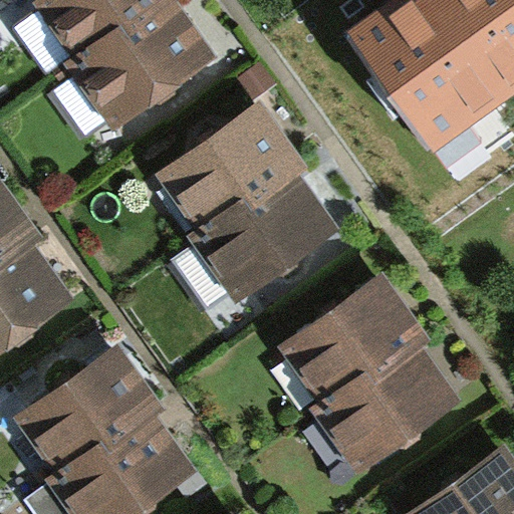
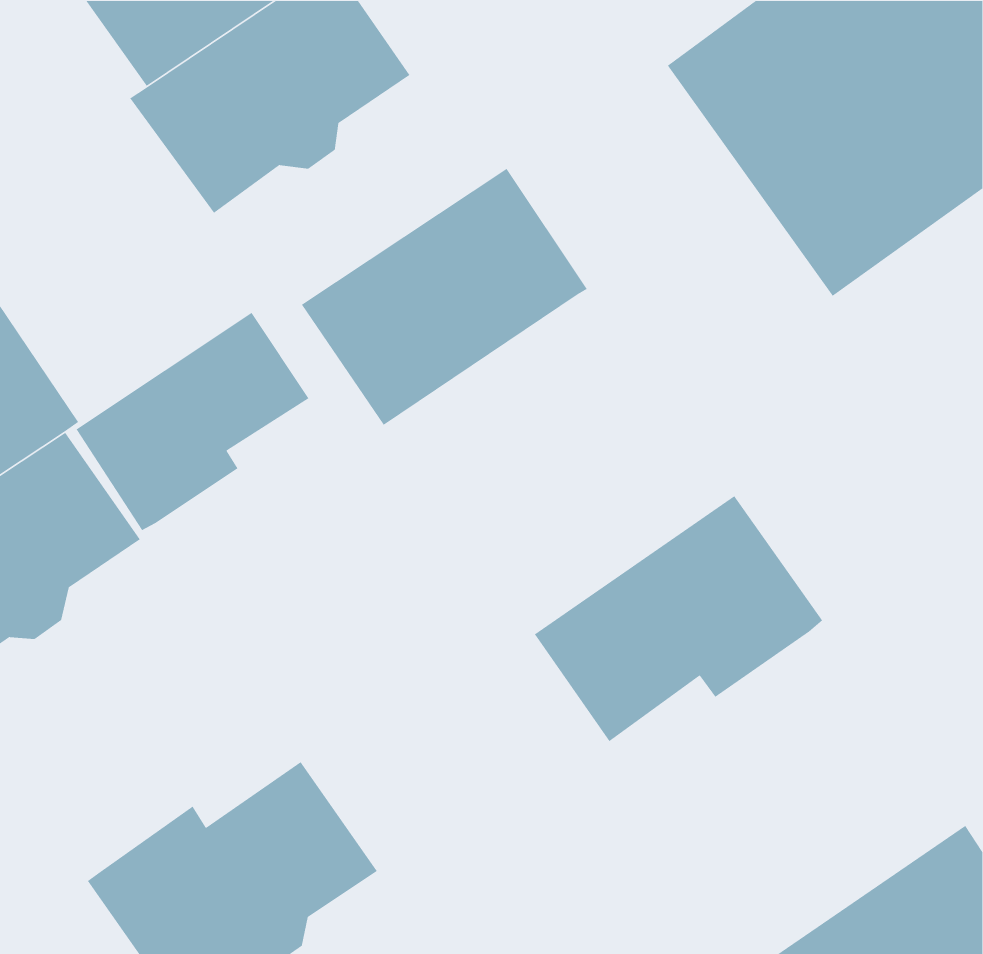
building: [192,170,339,302] -> none
building: none -> [76,312,309,531]
building: [13,341,165,470] -> none
building: [309,345,461,475] -> none

